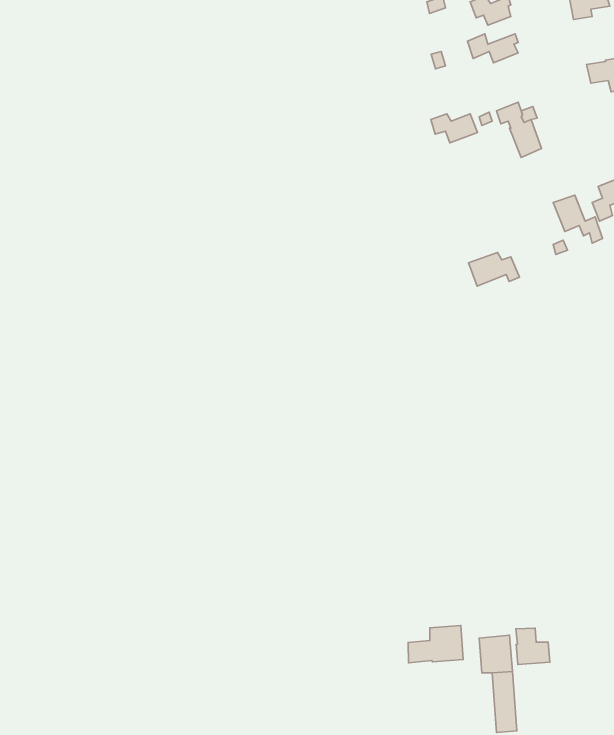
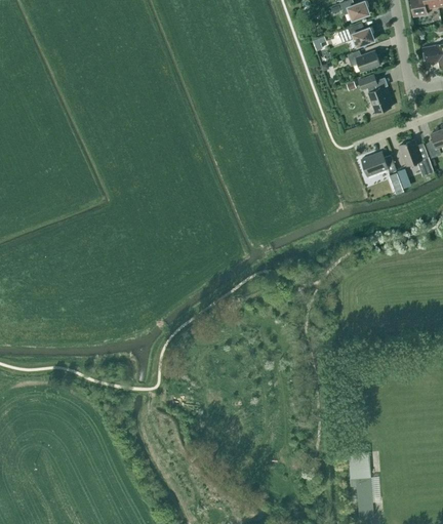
building: [431,114,477,143] -> [347,50,379,71]
building: [469,253,519,286] -> [360,152,396,175]
building: [408,625,463,663] -> none
building: [516,628,550,665] -> none

